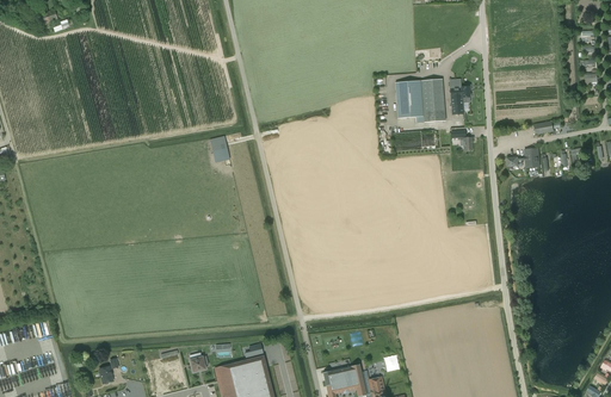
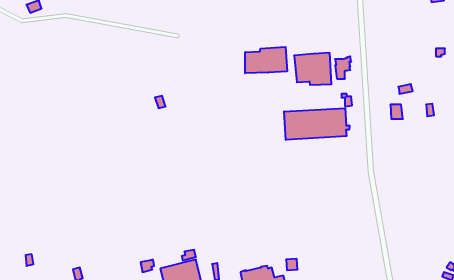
building: none -> [245,47,287,73]
building: none -> [284,108,349,140]

